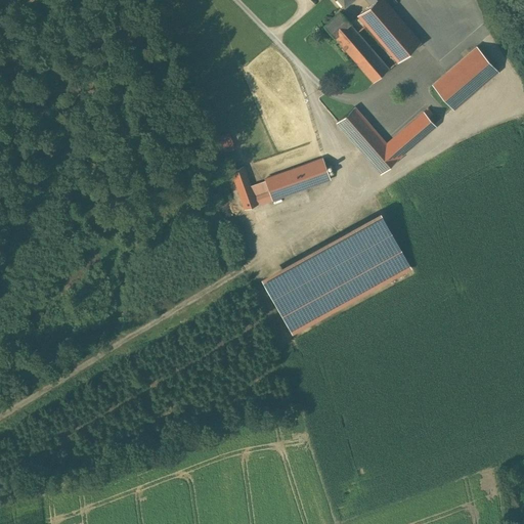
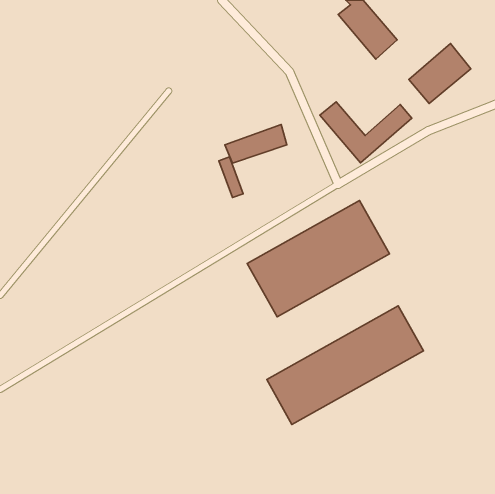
building: [324,14,388,83] -> none
building: [264,159,330,200] -> [225,124,287,163]
building: none -> [267,306,423,425]

